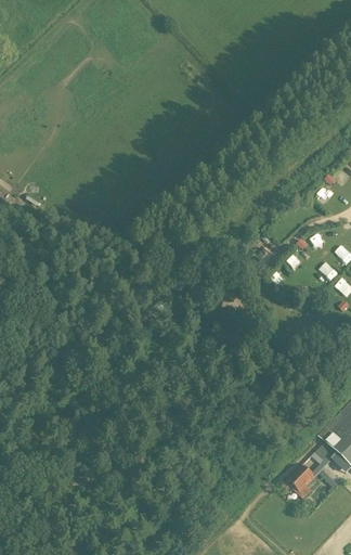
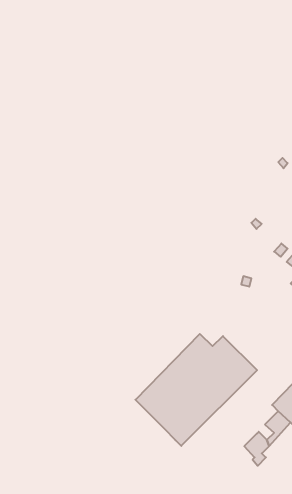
building: none -> [135,334,257,446]

